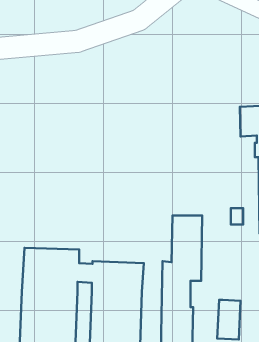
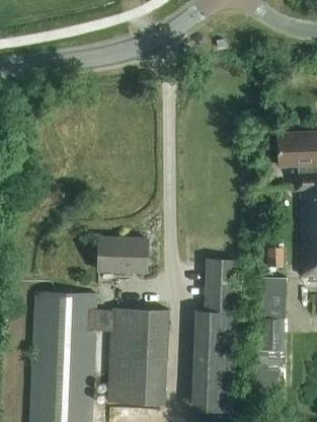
building: none -> [99,238,149,273]
building: none -> [259,278,287,352]

